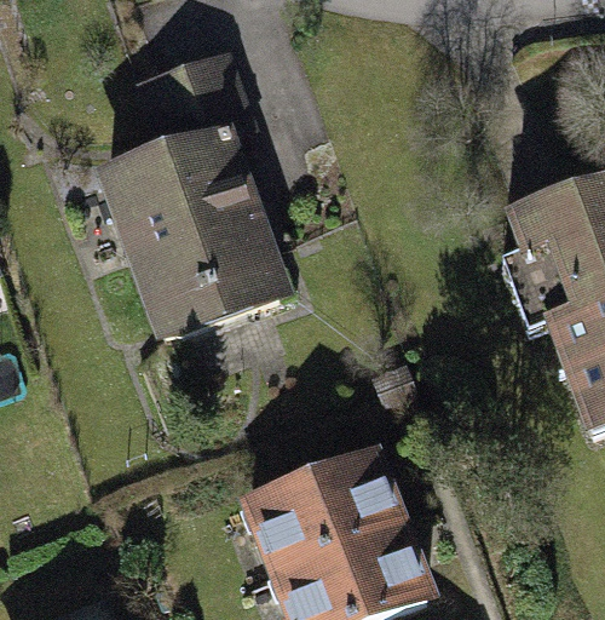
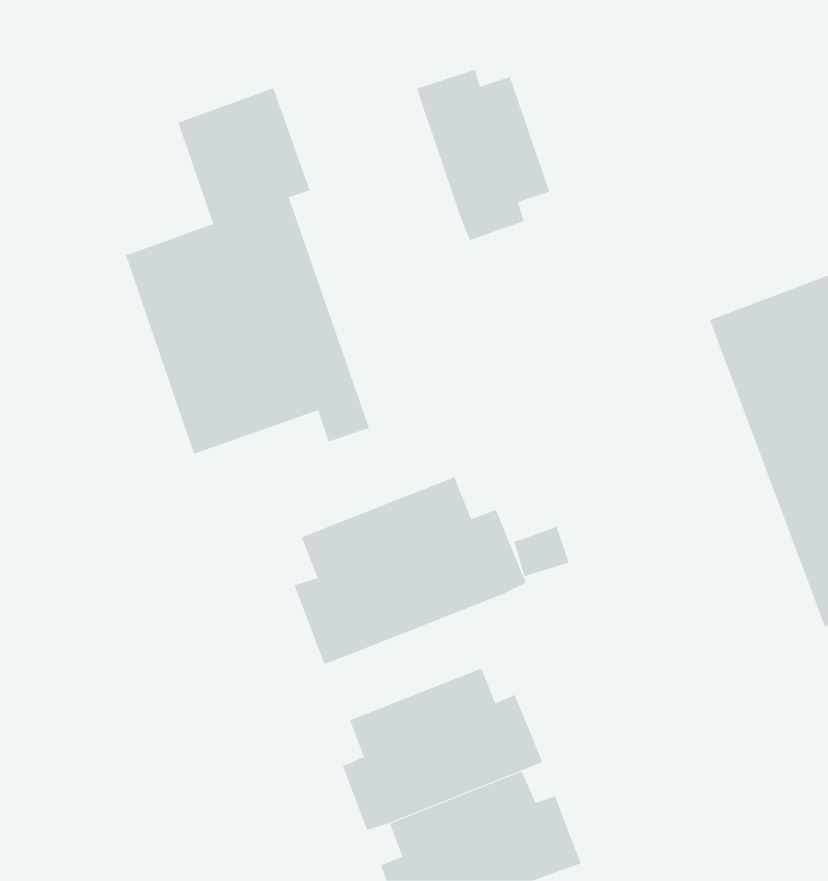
building: none -> [416,69,550,241]
building: none -> [294,476,526,665]

